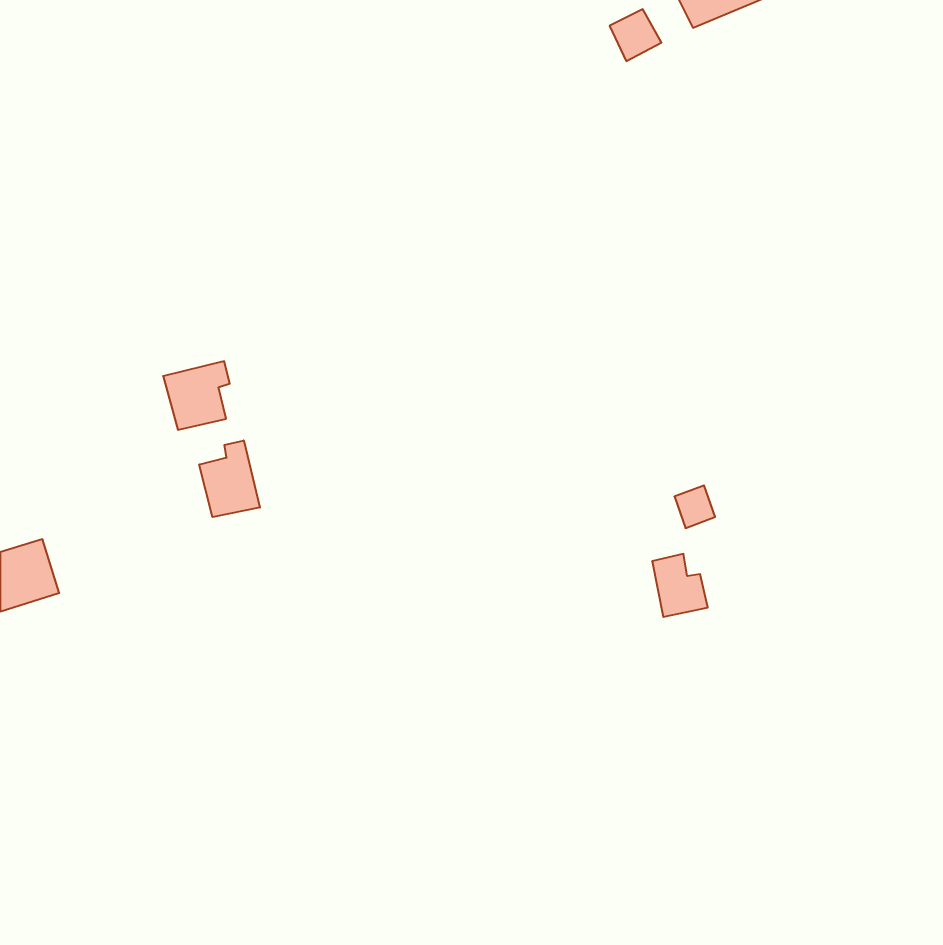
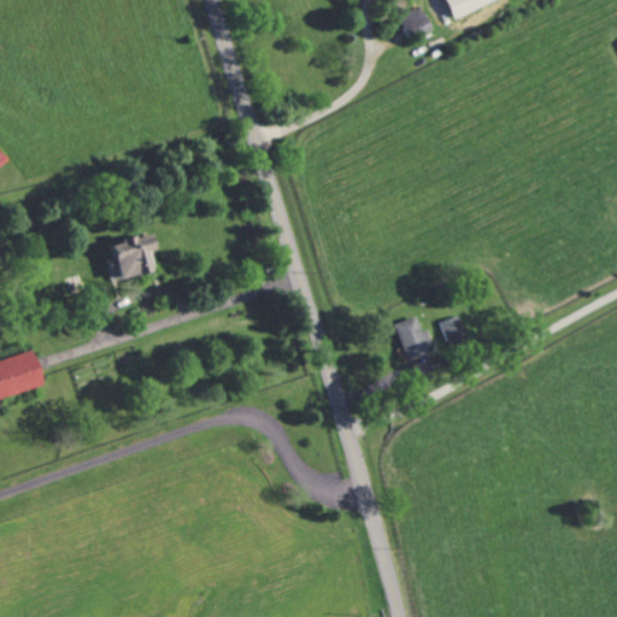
building: [199,440,260,517] -> none
building: [652,554,708,617] -> [396,317,433,358]

